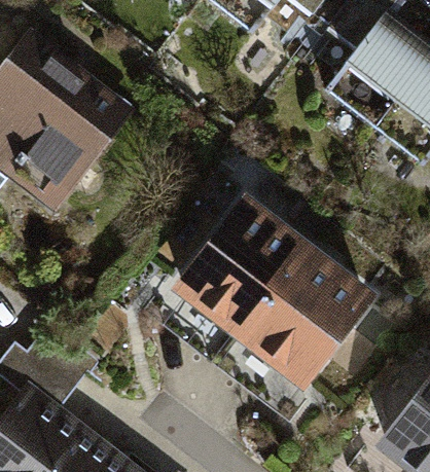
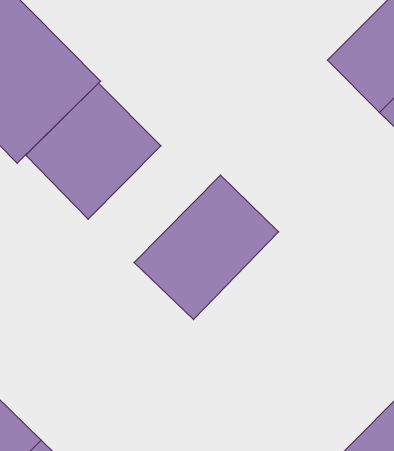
building: none -> [26,83,161,219]
building: [238,243,368,378] -> none

